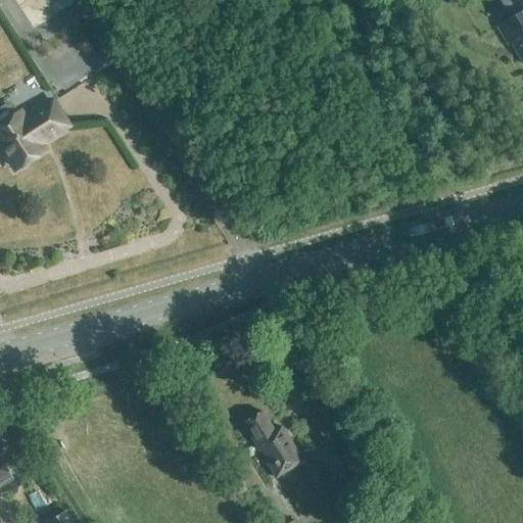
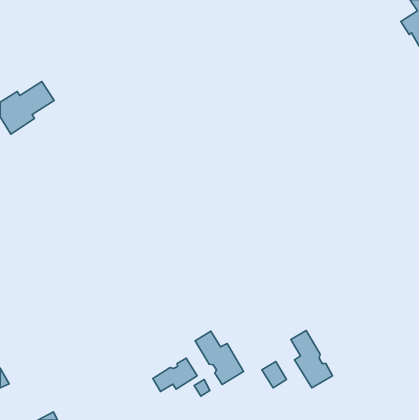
building: none -> [291,331,333,388]
building: none -> [153,358,197,392]

